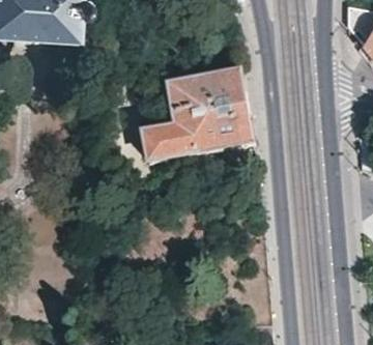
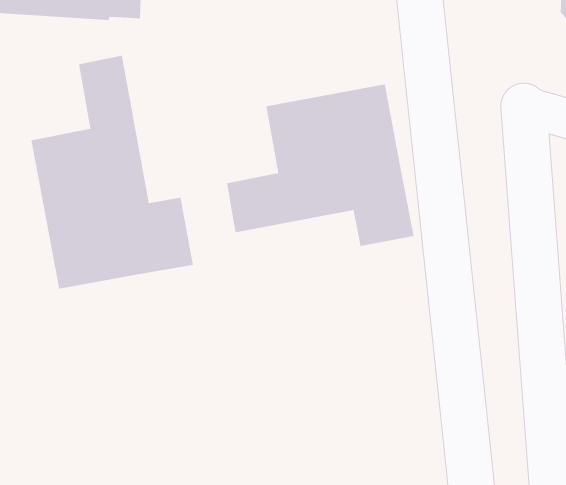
building: none -> [31,55,194,289]

